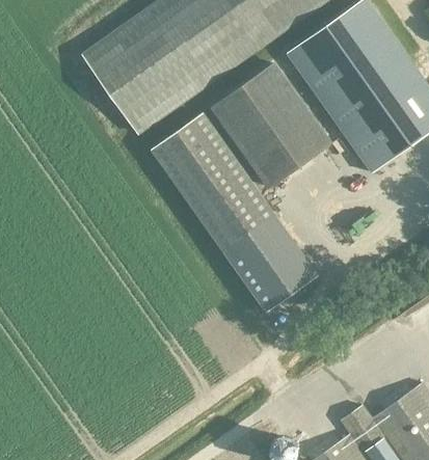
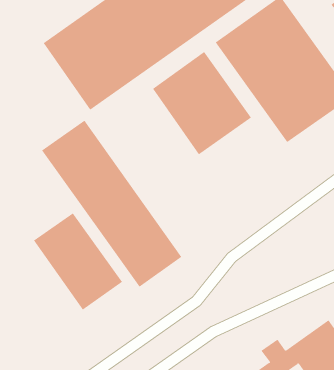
building: [151,112,318,312] -> [41,120,182,288]
building: none -> [33,213,123,311]

